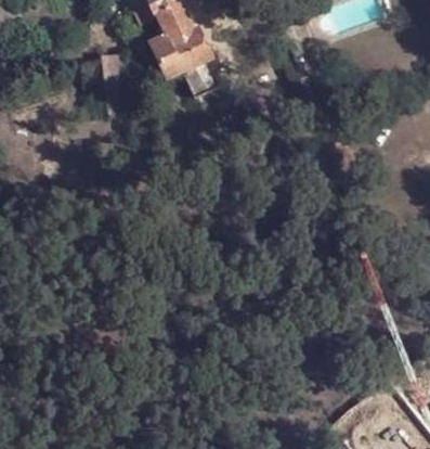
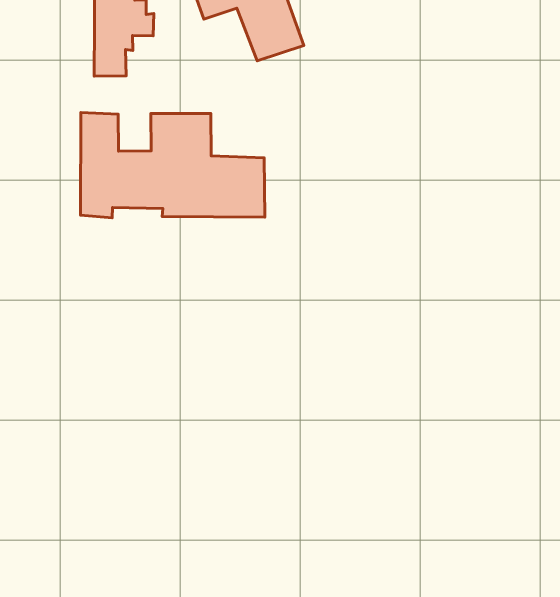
building: none -> [80,112,265,218]

